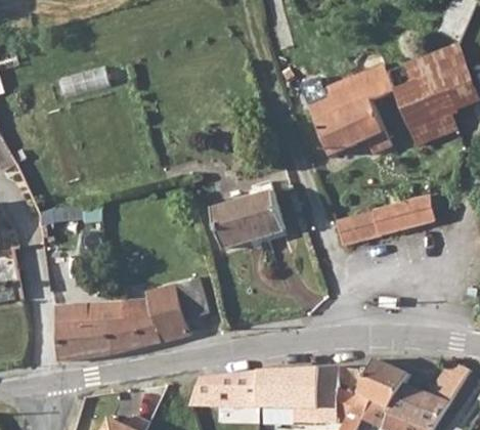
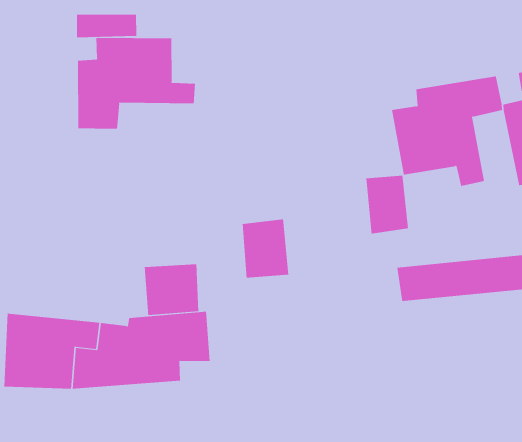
building: none -> [78,37,196,130]
building: [245,192,283,241] -> [365,175,409,234]
building: none -> [144,264,199,316]

